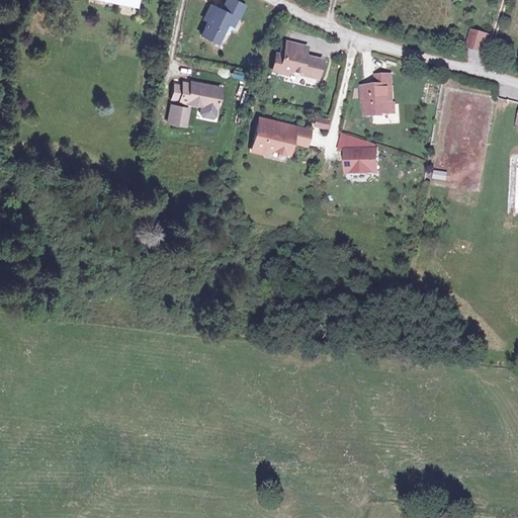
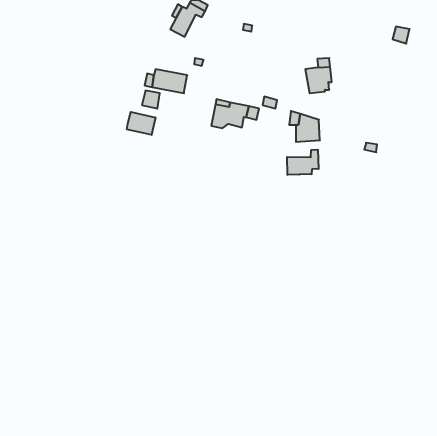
building: [271,38,319,74] -> none
building: none -> [127,112,155,135]
building: none -> [287,150,319,175]

